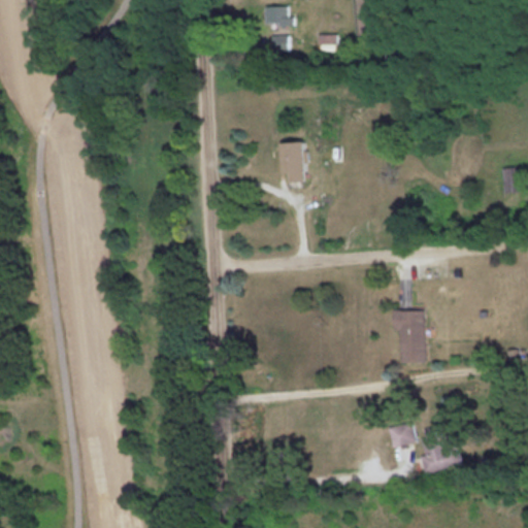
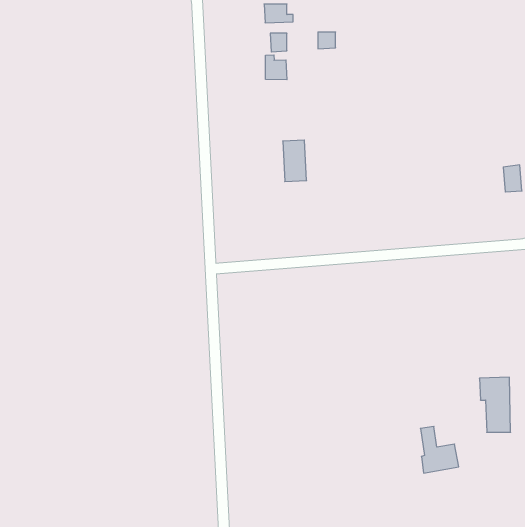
building: none -> [266,55,287,80]
building: [394,308,425,363] -> [479,377,511,432]
building: [387,422,415,449] -> none

